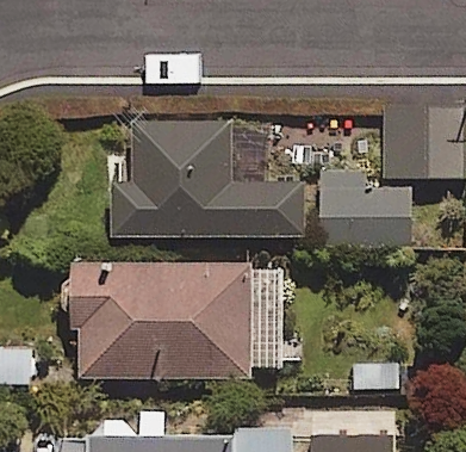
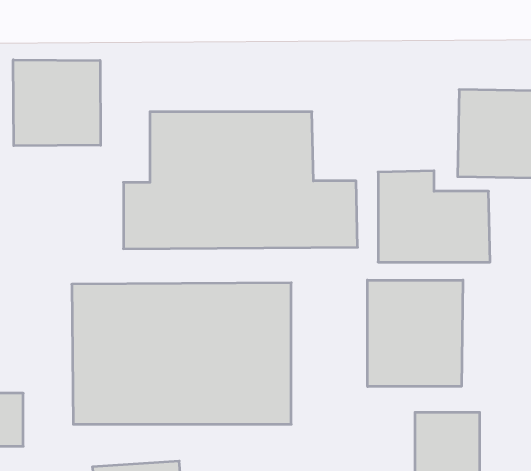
building: none -> [13,60,101,146]
building: none -> [367,280,463,387]

